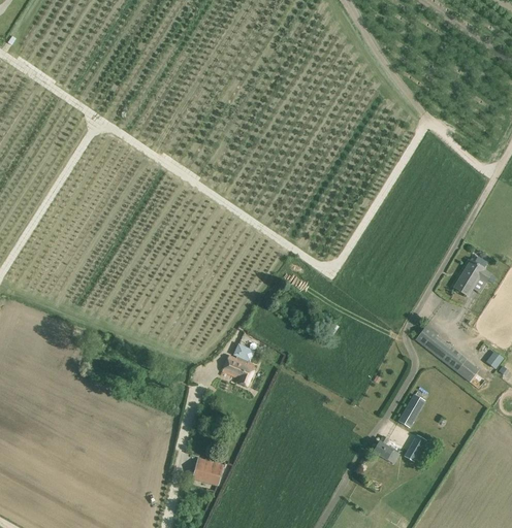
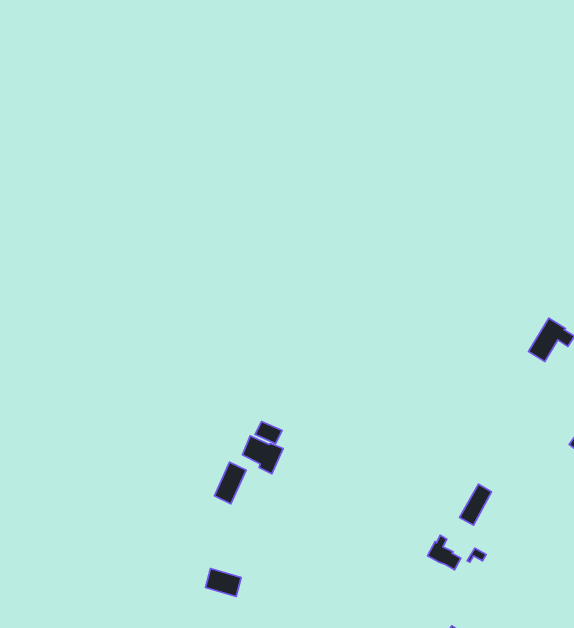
building: [415,323,479,381] -> none
building: none -> [214,462,246,504]

